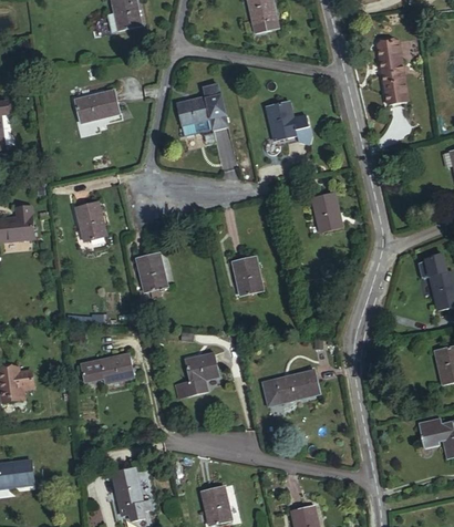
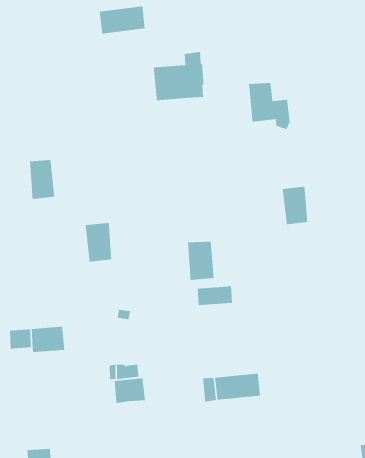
building: [74,90,120,122] -> [99,6,146,34]
building: none -> [197,286,233,306]
building: [187,353,219,381] -> [114,378,146,404]

